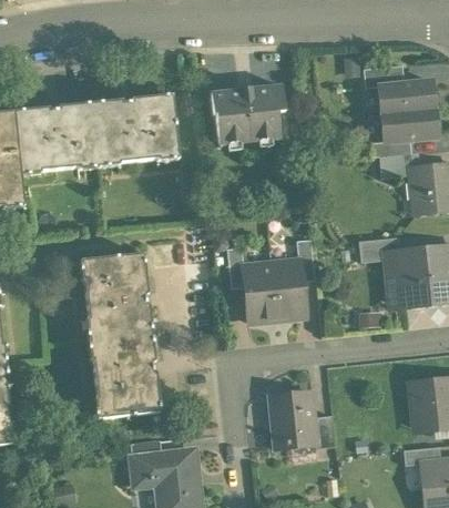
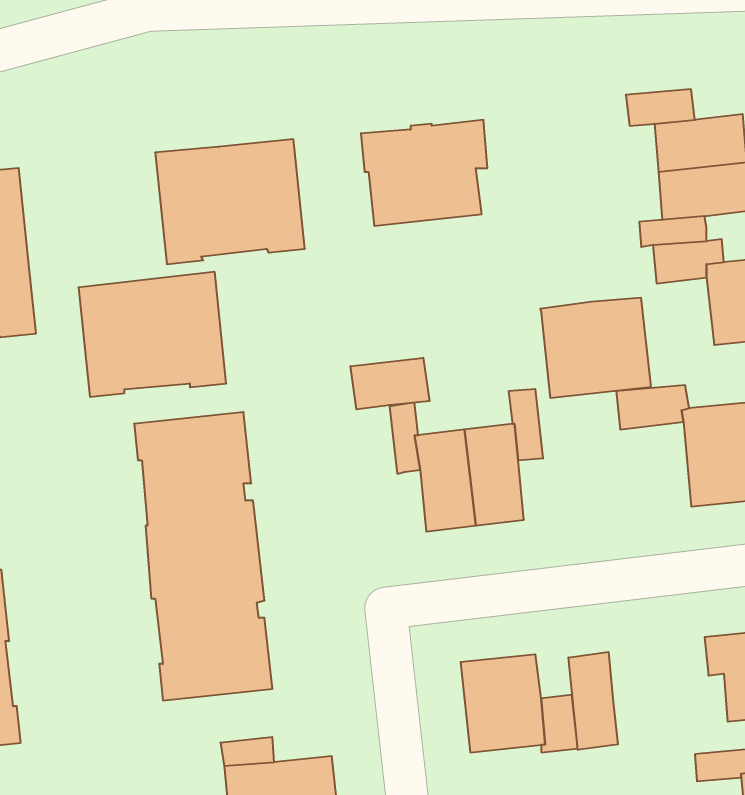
building: [13,102,99,174] -> [78,272,226,397]
building: none -> [541,298,651,398]
building: none -> [350,358,429,409]
building: none -> [568,652,618,750]

